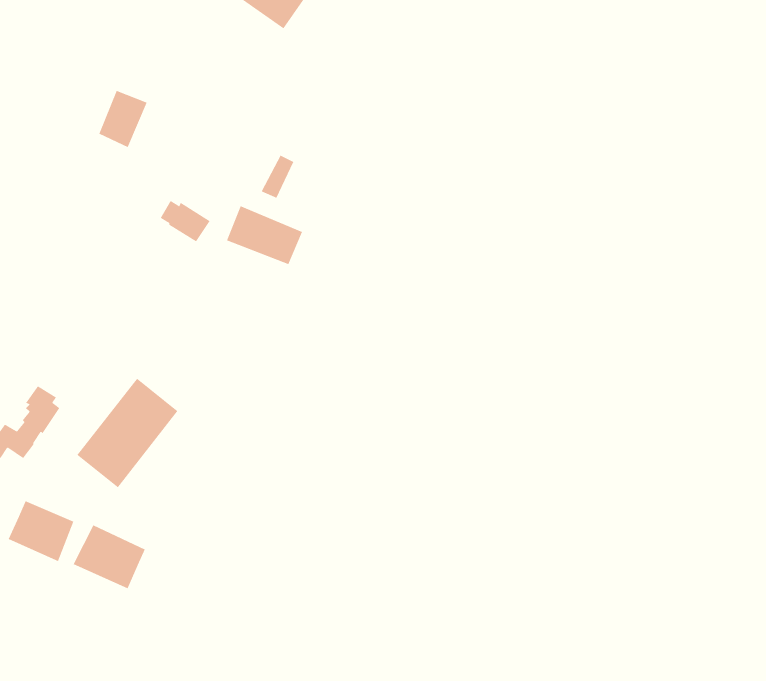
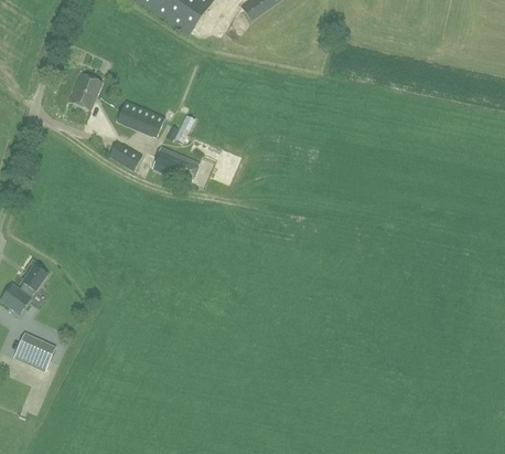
building: none -> [116,99,164,137]
building: [76,378,178,488] -> none
building: [73,525,146,589] -> none

